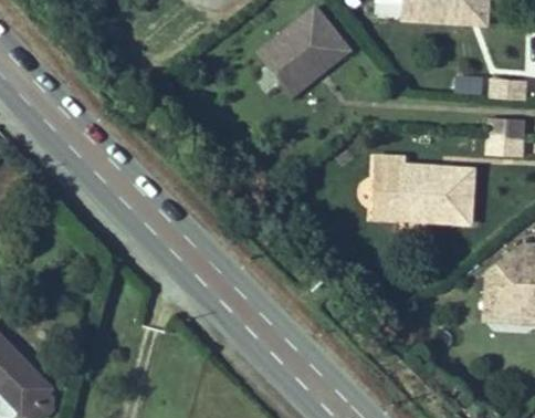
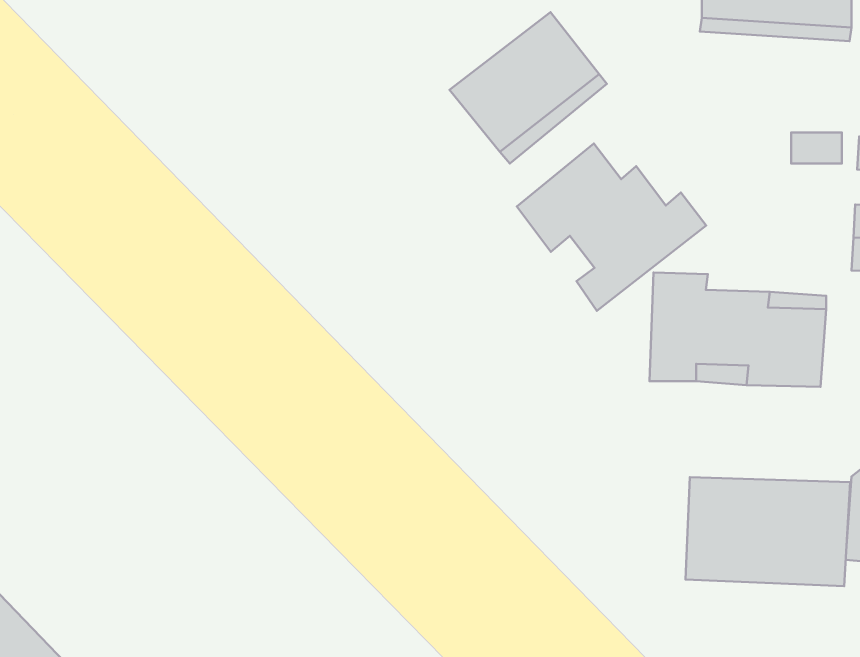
building: none -> [517,144,706,311]
building: none -> [686,477,850,586]

